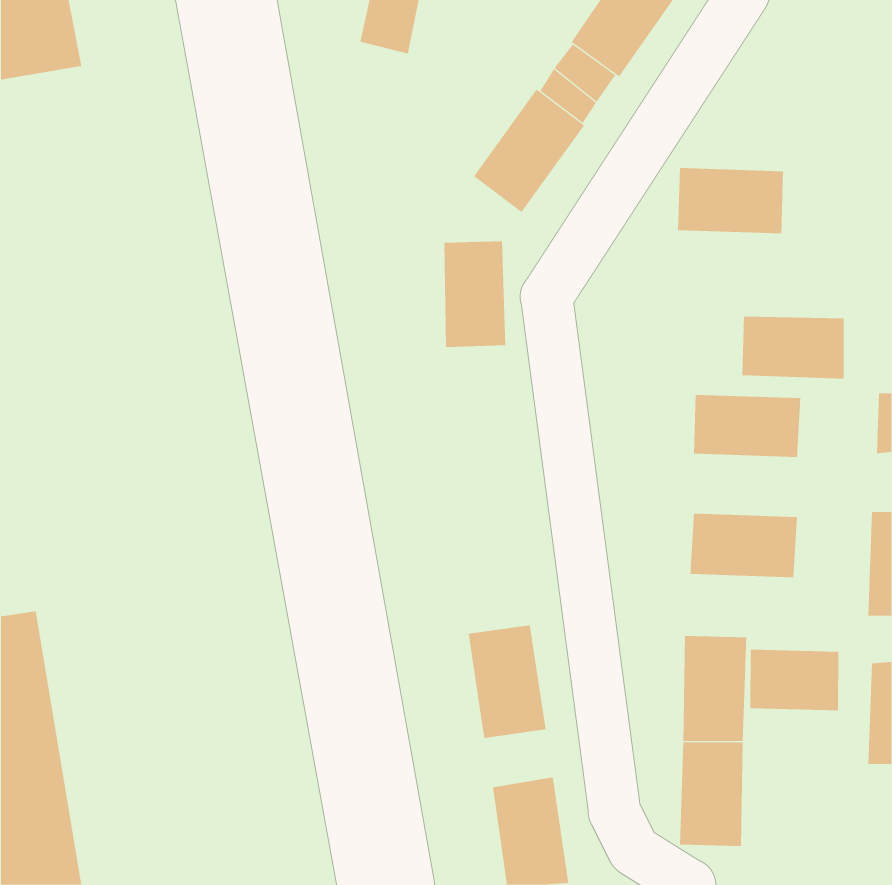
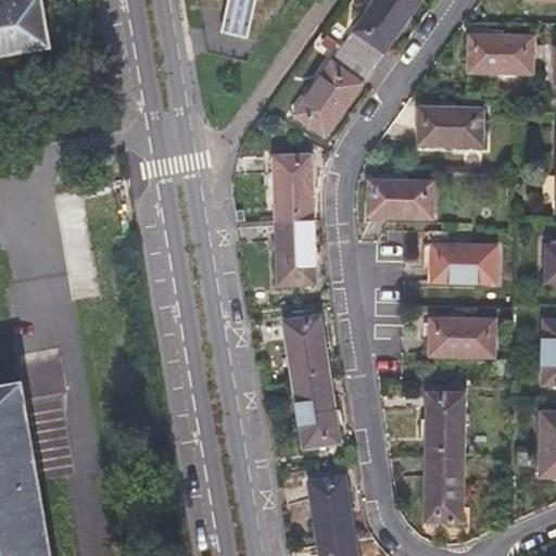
building: none -> [468,31,533,72]
building: [741,316,844,379] -> [369,181,433,220]
building: none -> [277,215,316,280]
building: none -> [282,327,330,394]
building: [750,649,839,711] -> none

